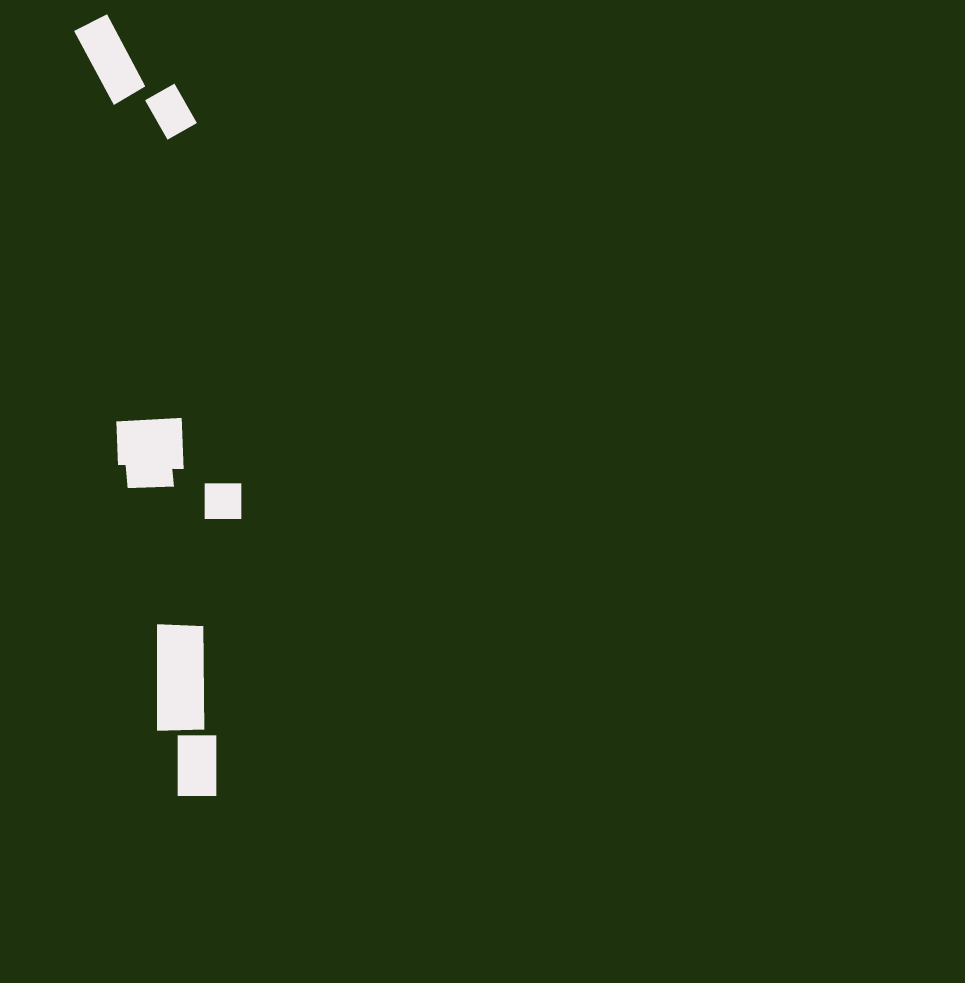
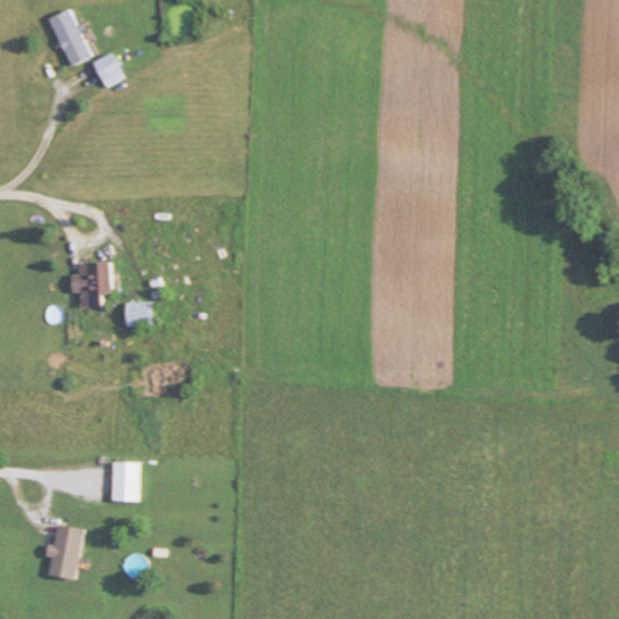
building: [157,624,205,732] -> none
building: none -> [46,523,83,579]

